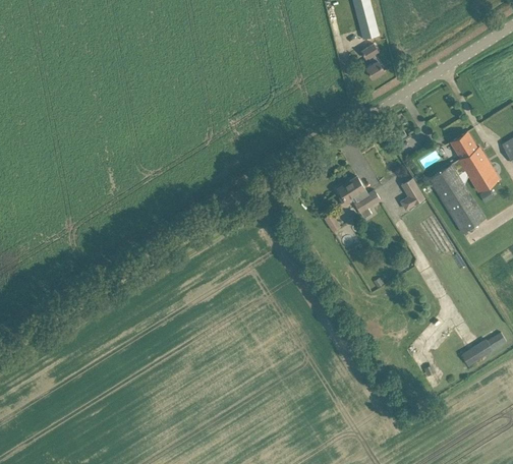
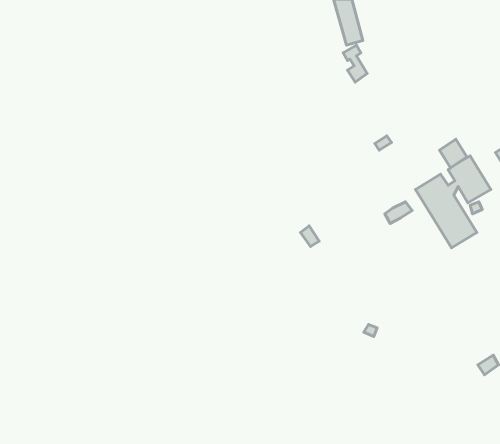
building: [338,177,381,219] -> none
building: [460,340,493,367] -> none

